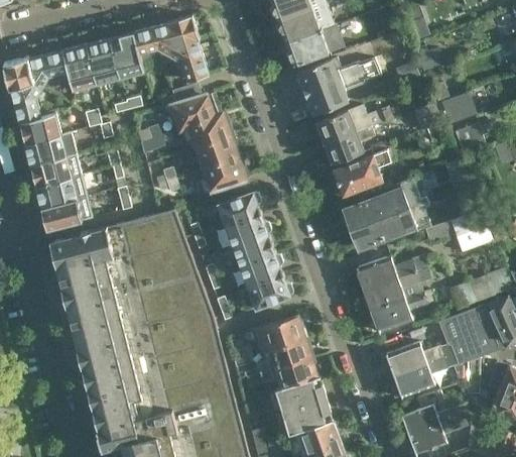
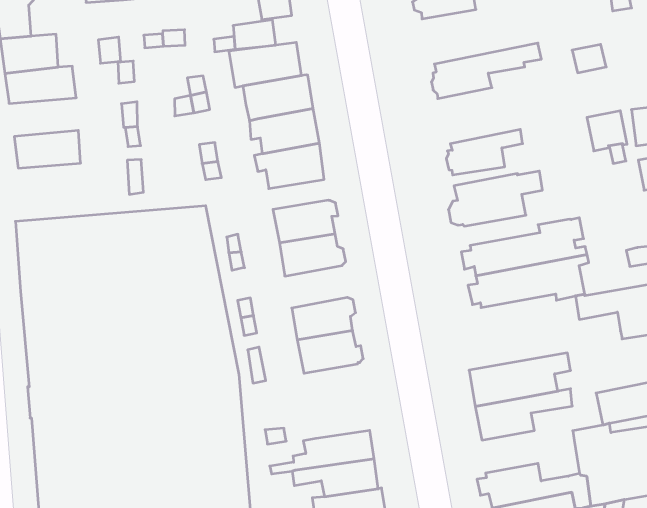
building: [296,58,371,92] -> none
building: [314,105,390,142] -> none
building: [31,153,80,186] -> none
building: [44,196,91,228] -> none
building: [231,234,274,267] -> none
building: [355,254,424,289] -> none
building: [253,316,303,353] -> none

